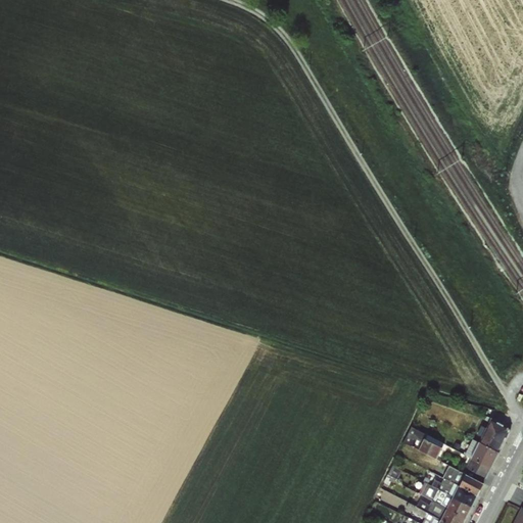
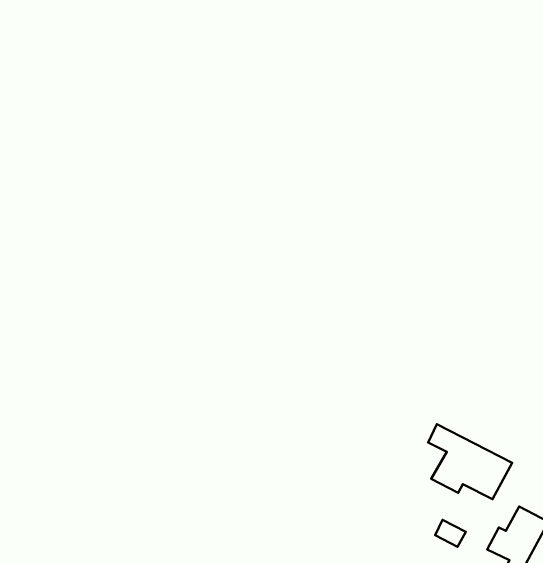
building: none -> [428,424,512,499]

